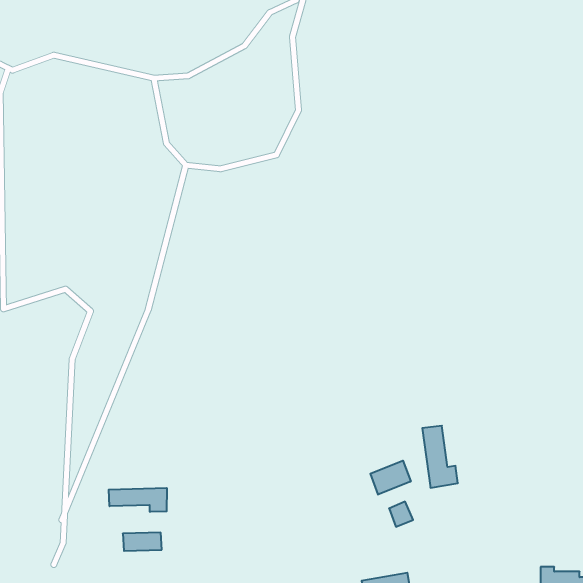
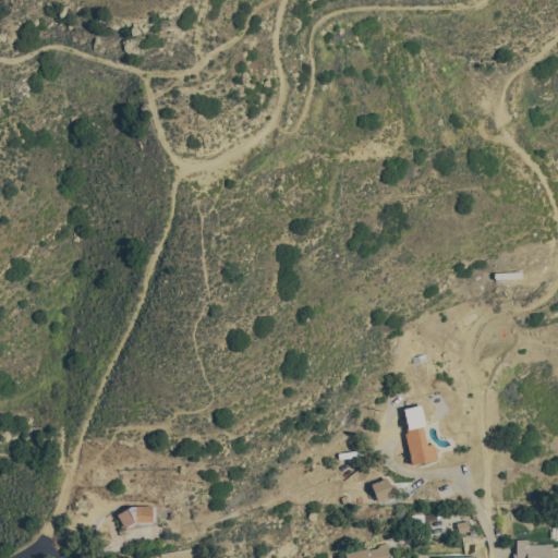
building: [370,461,411,495] -> none
building: [109,488,167,512] -> none

